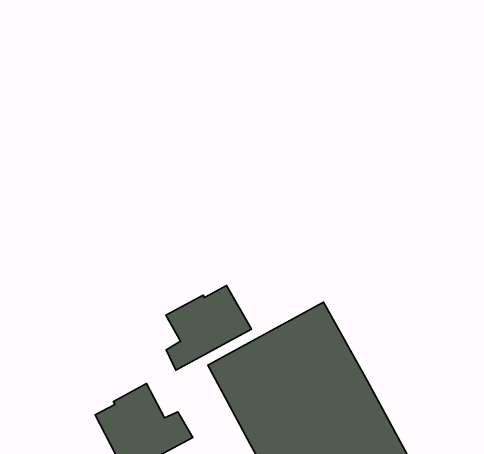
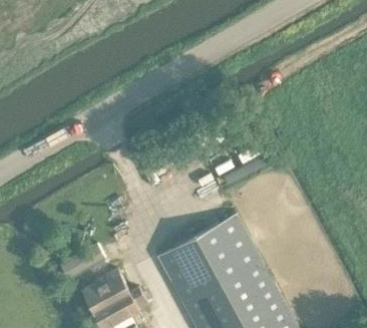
building: [166,285,252,370] -> none

